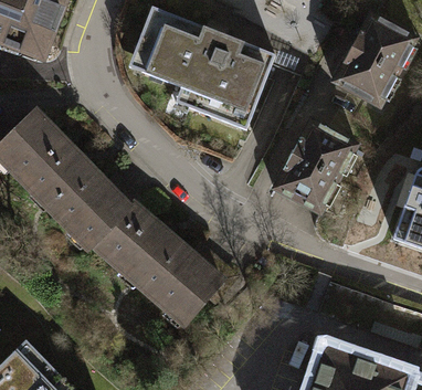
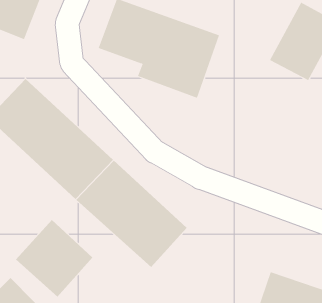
building: [271,120,354,212] -> none
building: none -> [15,219,93,298]

